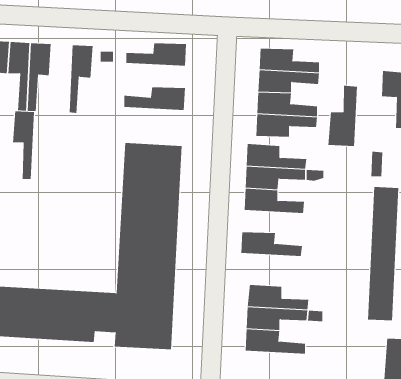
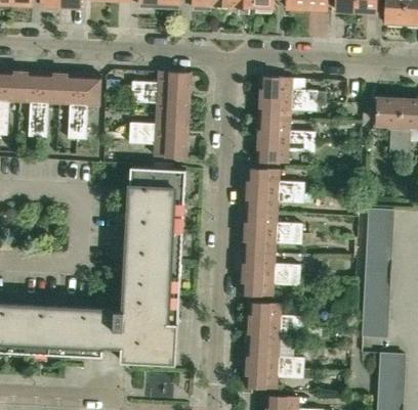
building: none -> [130,91,189,115]
building: [328,85,357,147] -> none
building: none -> [128,133,187,156]
building: [12,111,35,180] -> [58,73,80,138]
building: none -> [242,231,301,253]
building: none -> [240,272,299,294]
building: none -> [244,365,303,388]

